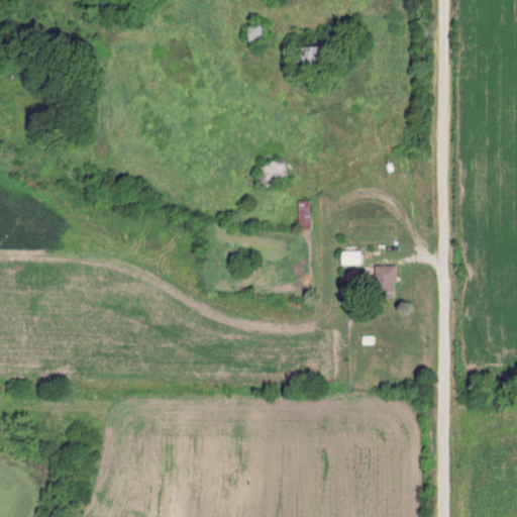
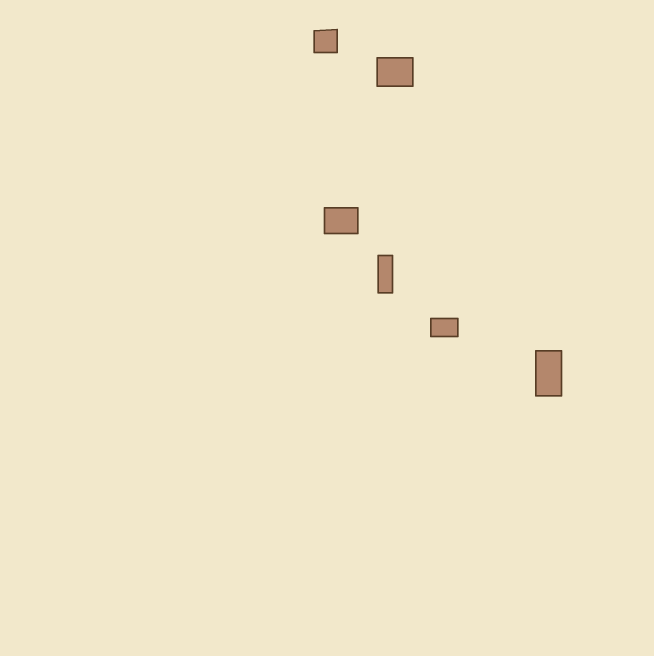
building: [376,266,396,301] -> [536,351,562,396]

